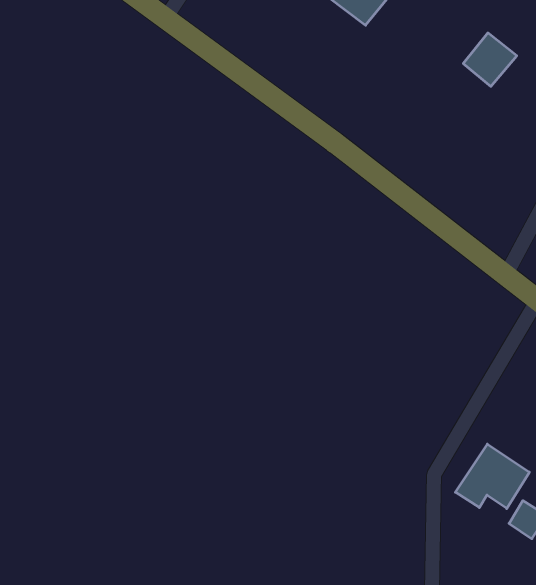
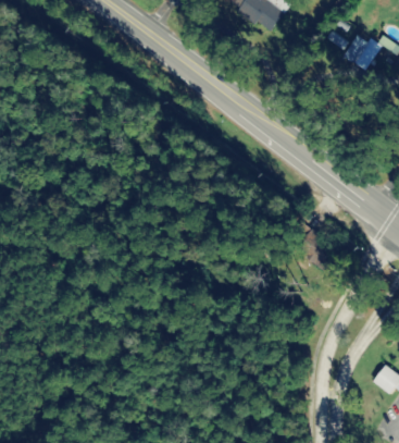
building: [455,444,529,509] -> none

